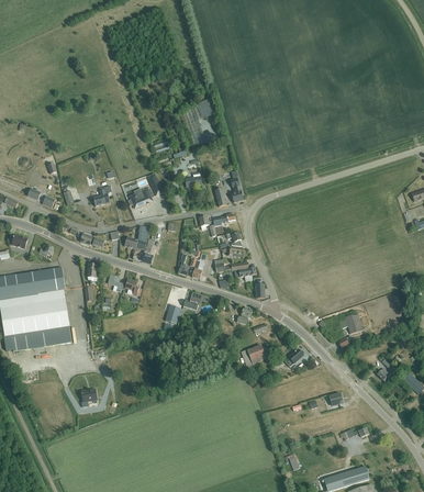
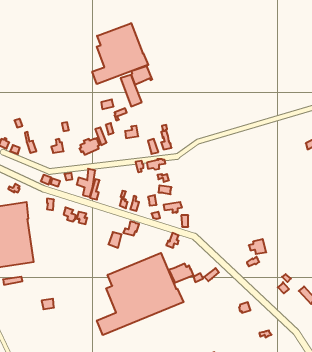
building: none -> [92,23,148,84]
building: none -> [97,253,184,335]

